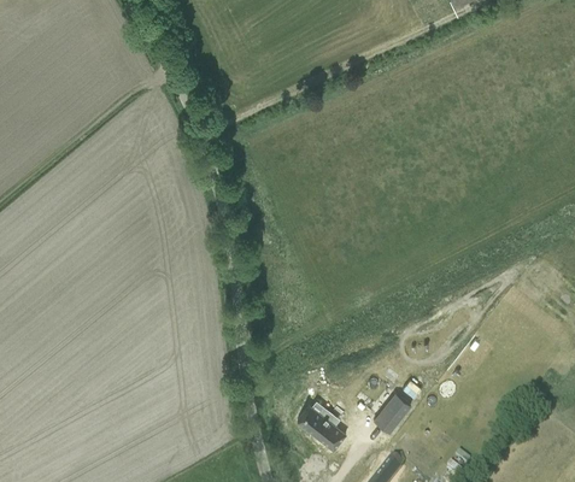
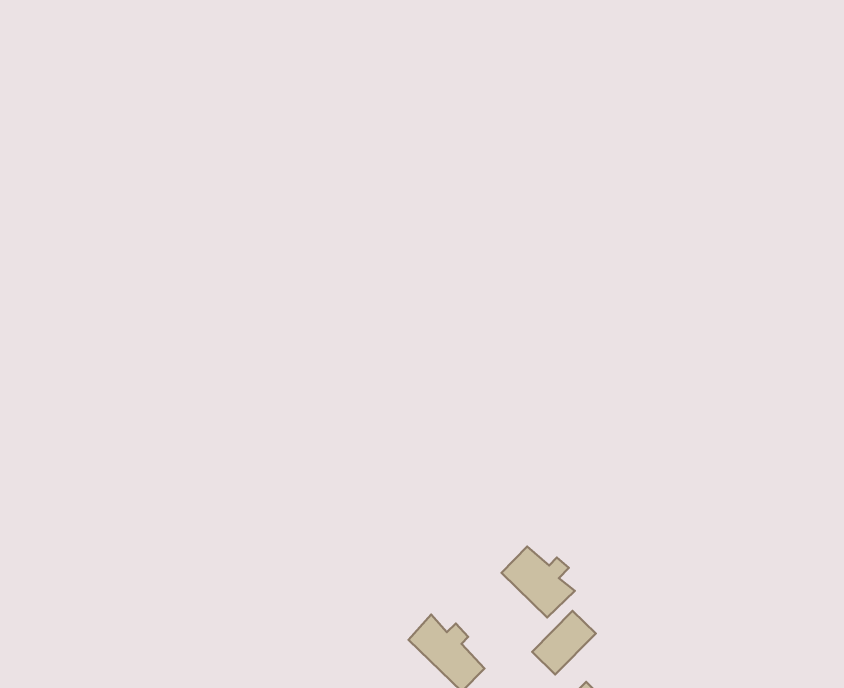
building: none -> [502,547,575,618]

